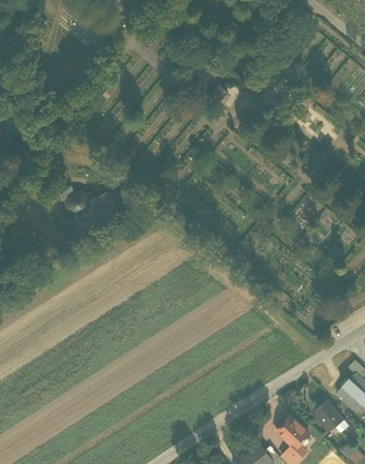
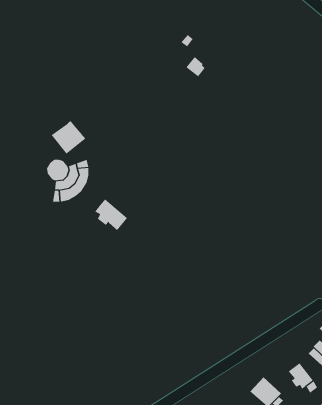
building: none -> [51,120,86,154]
building: none -> [94,199,128,231]

